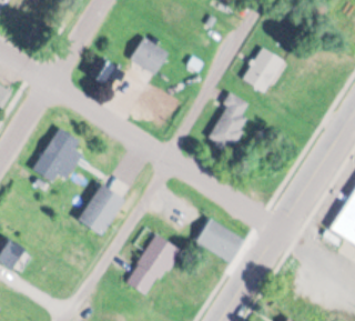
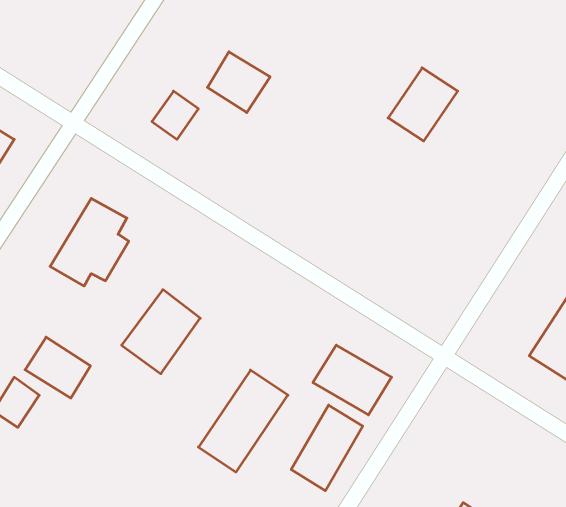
building: [209,93,247,151] -> none
building: none -> [25,337,90,398]
building: none -> [291,405,363,491]

